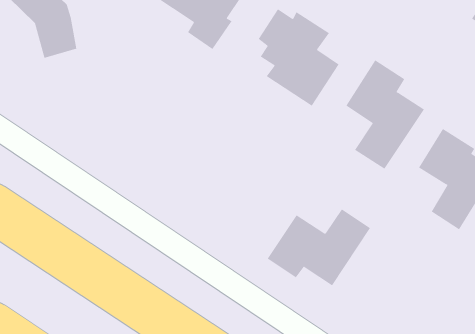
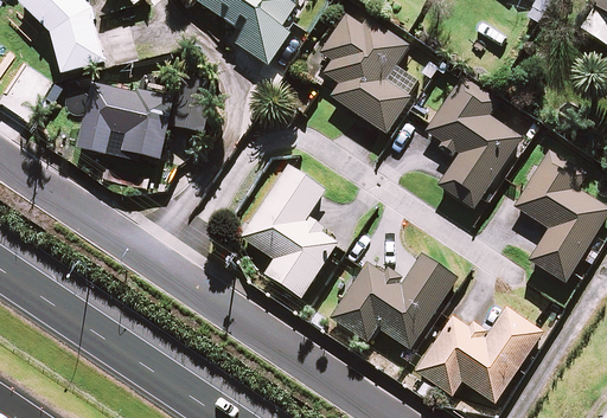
building: none -> [84,77,212,154]
building: none -> [241,166,336,297]
building: none -> [415,308,542,401]

